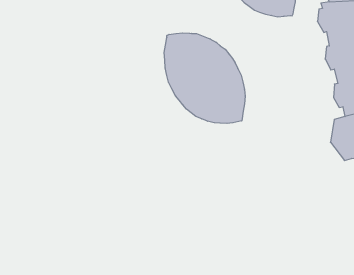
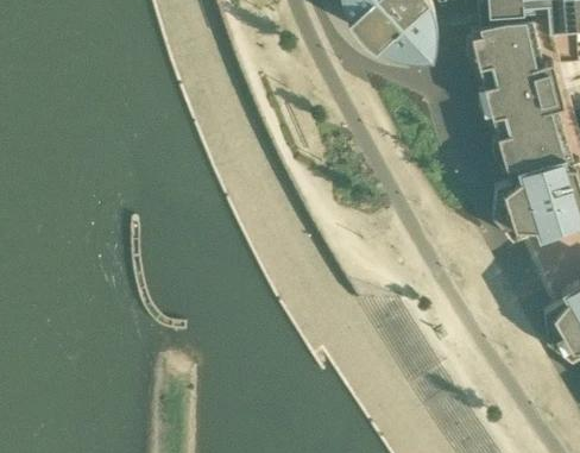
building: [164,33,245,123] -> none

